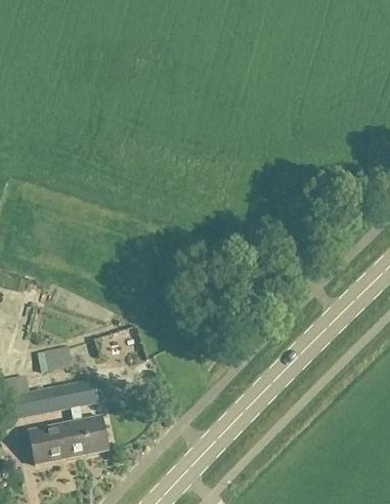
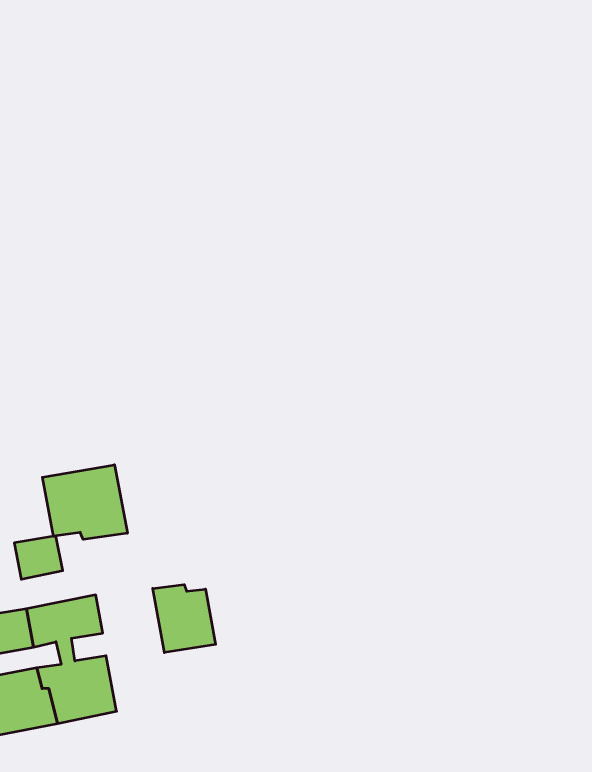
building: none -> [42,465,127,539]
building: none -> [153,585,216,653]

